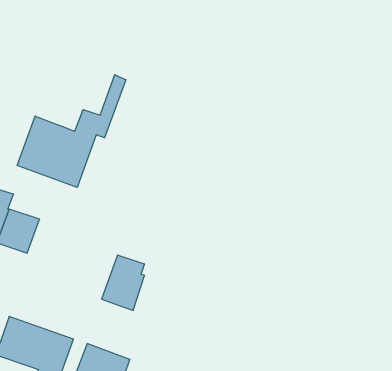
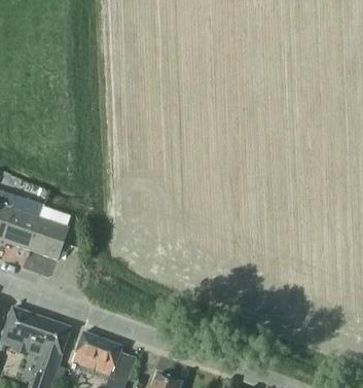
building: [17,75,126,187] -> none
building: [102,255,145,310] -> [28,208,67,258]

